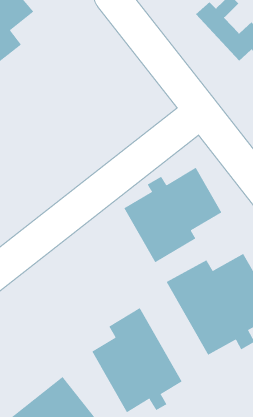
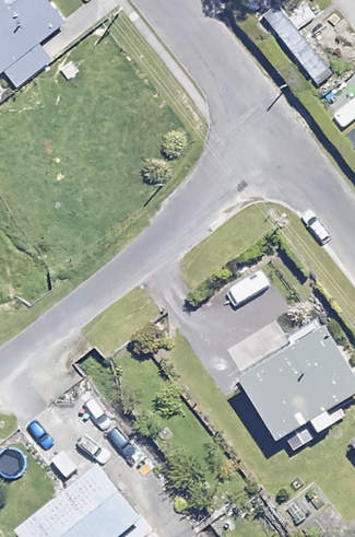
building: [124,167,222,263] -> none
building: [91,307,183,413] -> none

